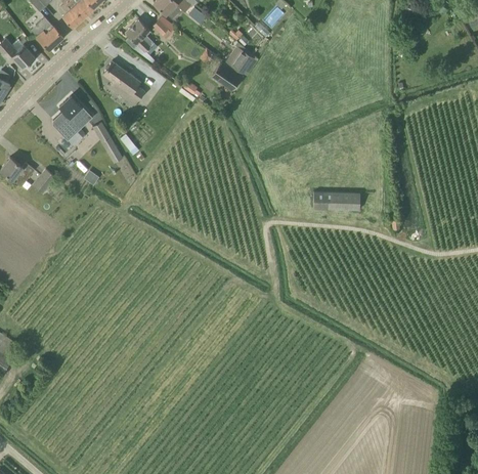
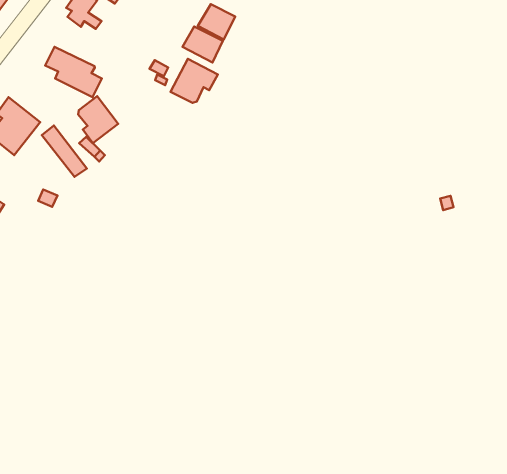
building: none -> [171,59,218,103]
building: none -> [78,96,118,143]
building: [313,191,360,211] -> none

